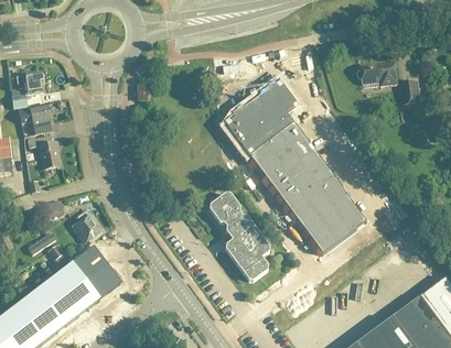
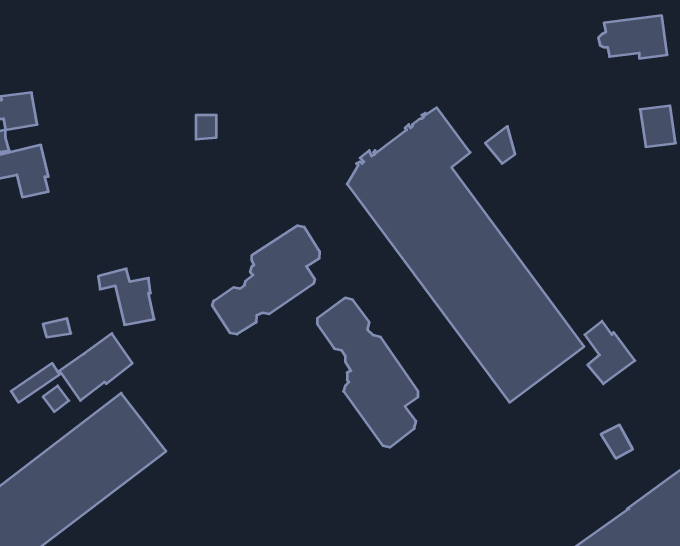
building: [356,59,397,85] -> [598,16,667,58]
building: [28,135,61,168] -> [98,269,154,325]
building: none -> [212,226,320,334]
building: none -> [585,321,635,384]

